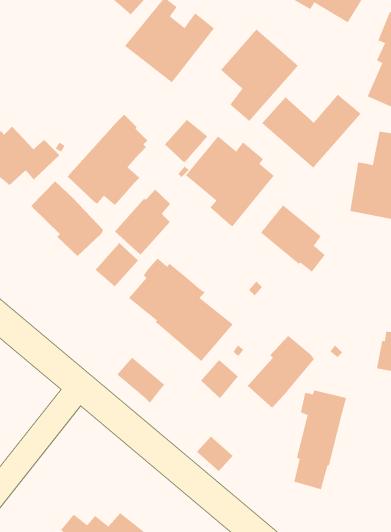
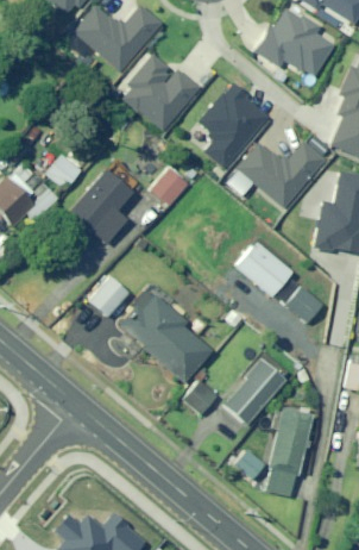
building: none -> [46,152,81,187]
building: [185,135,275,227] -> none
building: [30,181,104,257] -> none
building: [114,189,171,256] -> none
building: none -> [285,285,322,321]
building: [117,357,165,404] -> none
building: [196,436,234,472] -> [232,448,265,480]

